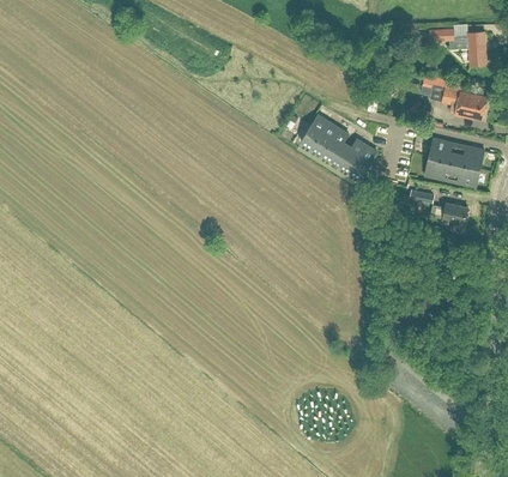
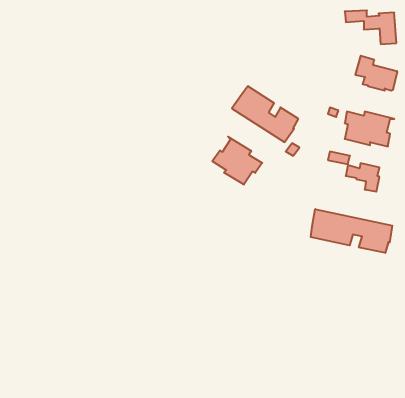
building: none -> [212,137,262,185]
building: none -> [311,209,392,253]

